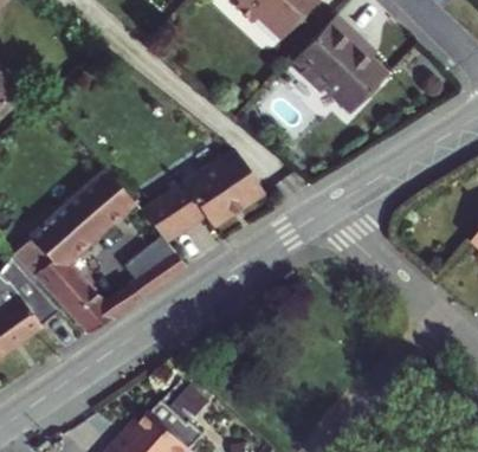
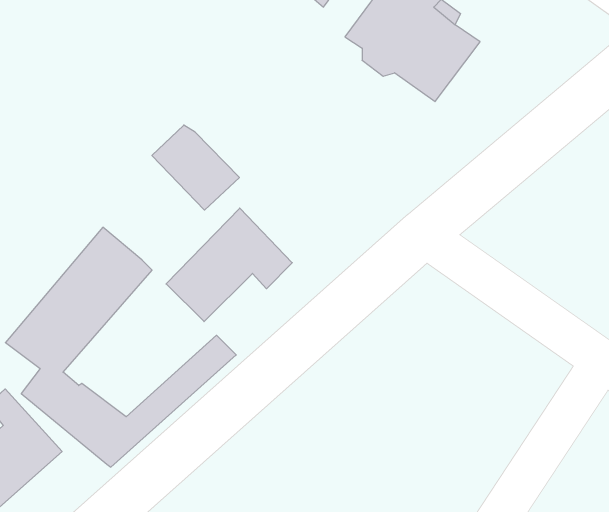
building: [201,150,259,211] -> [152,125,239,210]

